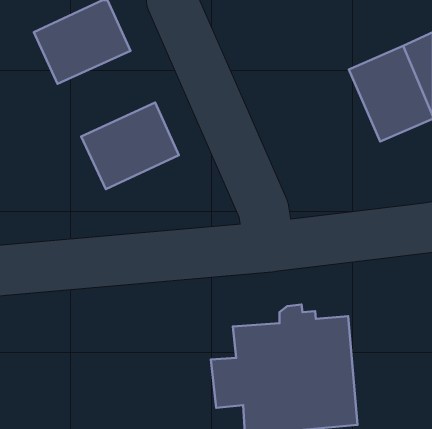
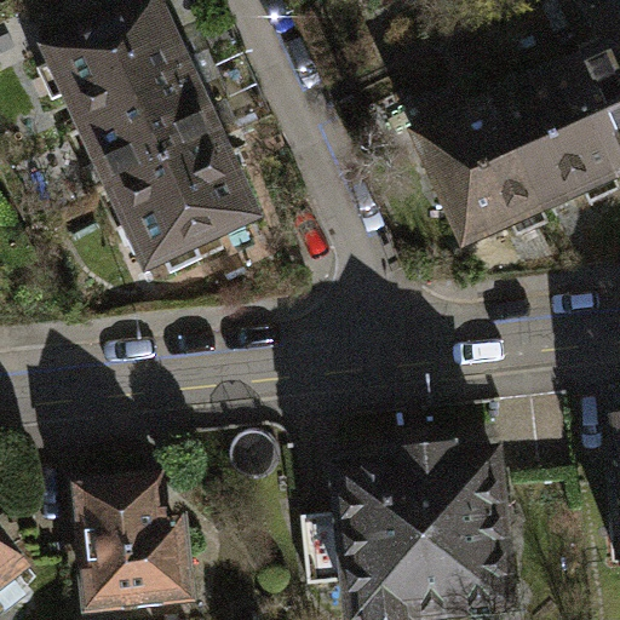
building: none -> [84,79,223,201]
building: none -> [421,105,545,242]
building: none -> [70,487,189,603]

